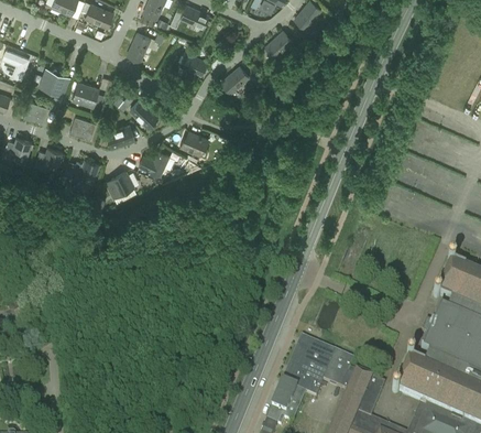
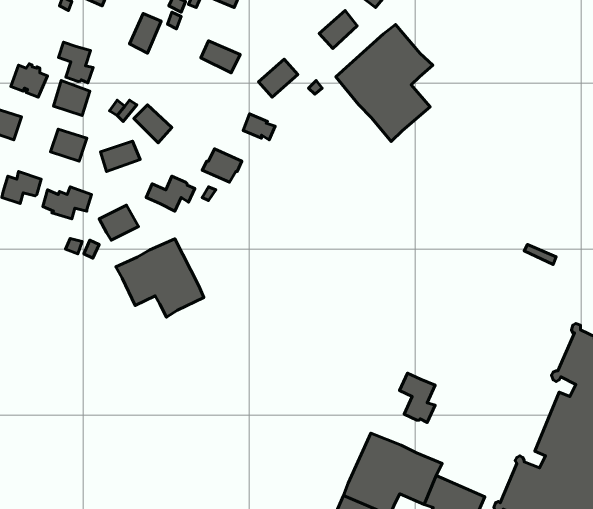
building: none -> [336,25,433,141]
building: none -> [58,42,93,83]
building: none -> [116,239,204,317]
building: none -> [400,373,435,423]

